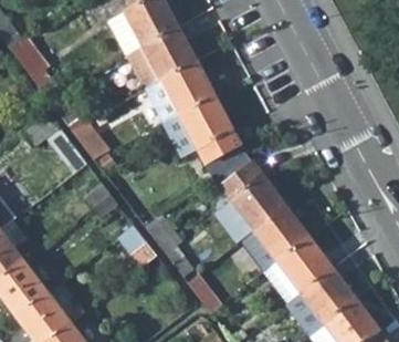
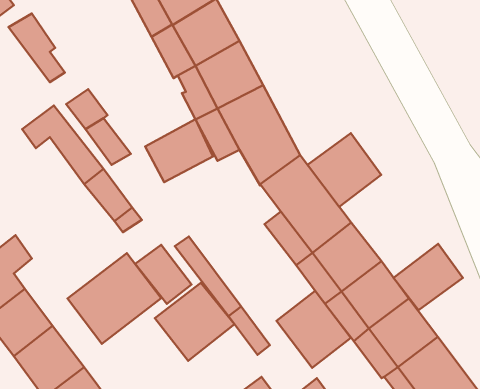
building: none -> [145,119,214,182]
building: none -> [308,133,381,207]
building: none -> [394,244,463,310]
building: none -> [68,253,161,344]
building: none -> [155,283,235,361]
building: none -> [276,291,351,368]

